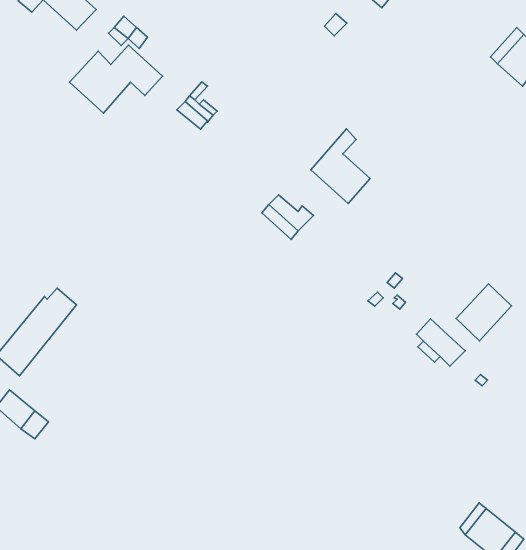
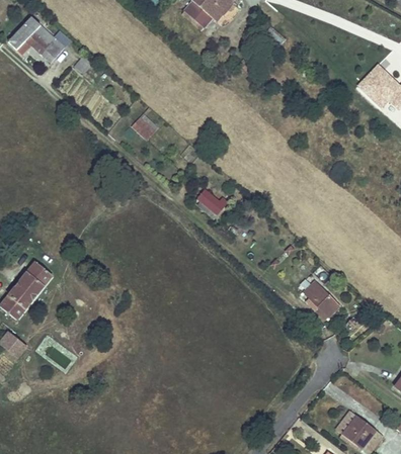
building: [70,45,162,113] -> none
building: [311,129,370,203] -> none
building: [456,284,512,341] -> none

